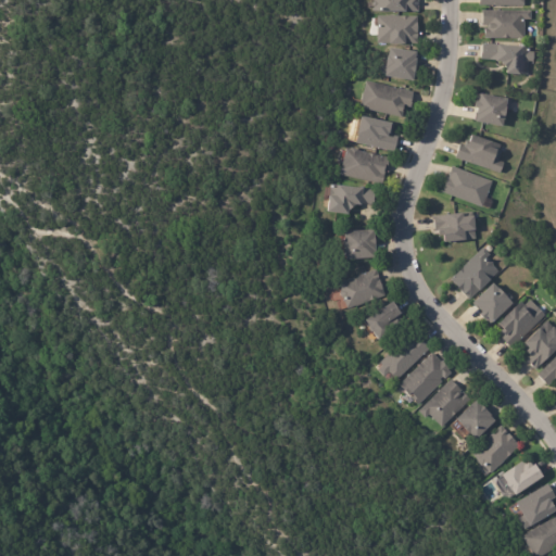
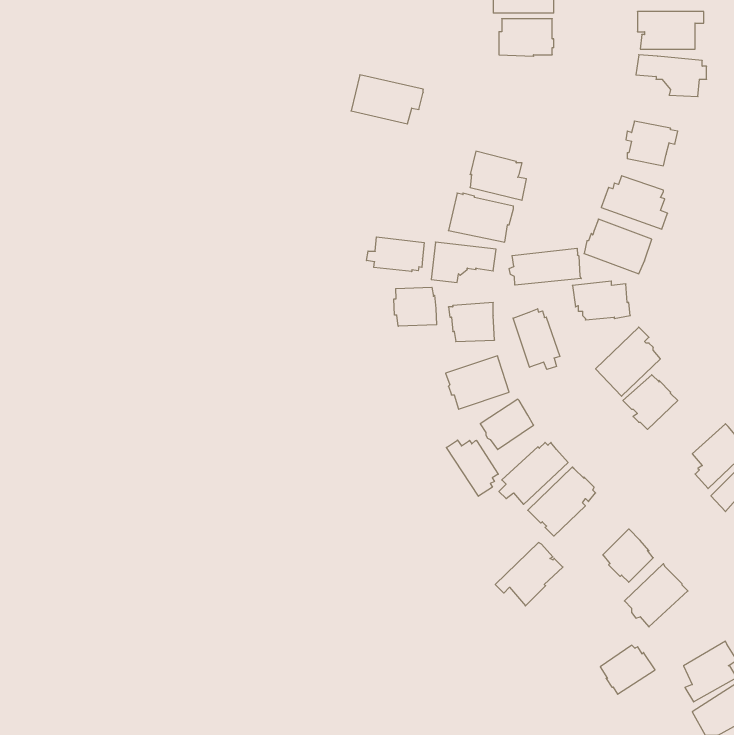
building: [380,46,417,79] -> none
building: [359,79,414,116] -> [351,75,423,124]
building: none -> [367,237,424,272]
building: none -> [509,248,581,285]
building: none -> [394,287,437,326]
building: none -> [513,309,560,369]
building: [497,300,546,348] -> none
building: none -> [446,440,498,496]
building: [419,379,470,427] -> [495,543,563,606]
building: [502,458,543,495] -> [600,645,655,694]

